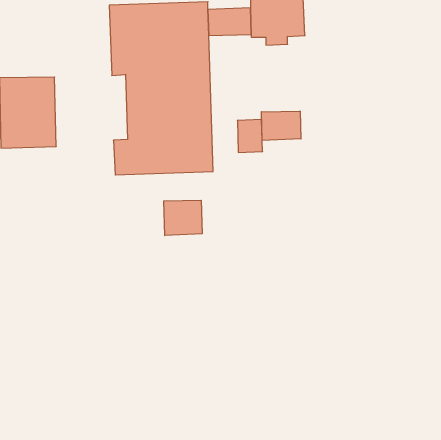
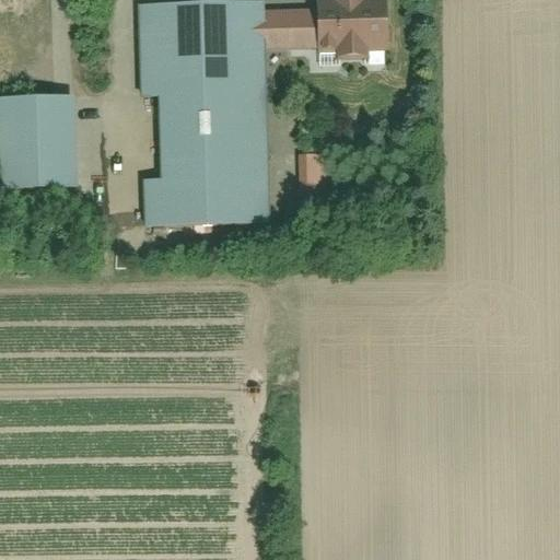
building: [261,111,301,140] -> none
building: [164,200,202,236] -> none

